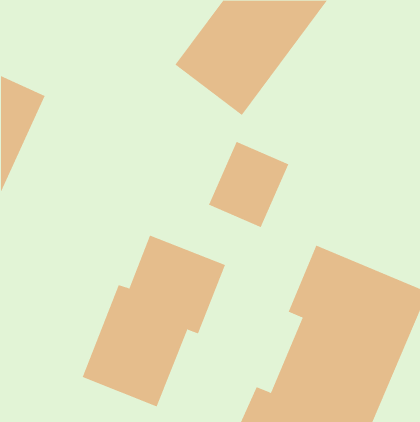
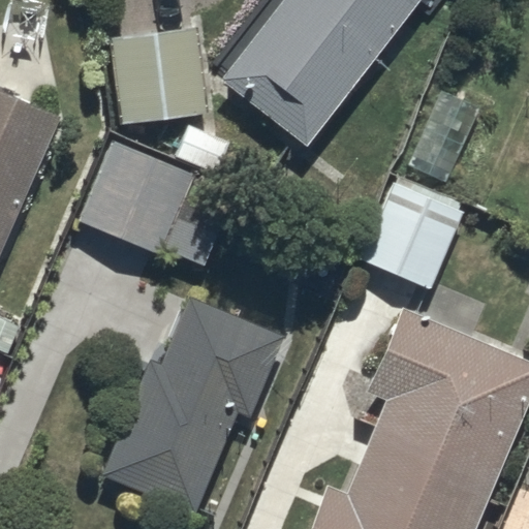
building: none -> [114,30,208,121]
building: none -> [82,143,223,264]
building: [208,141,289,228] -> [364,183,465,291]

